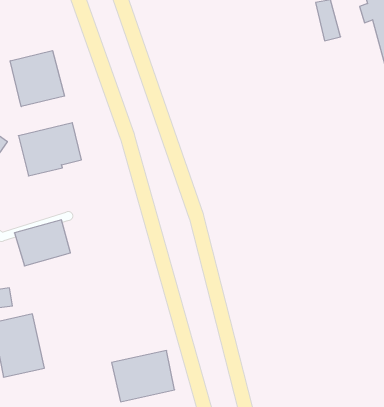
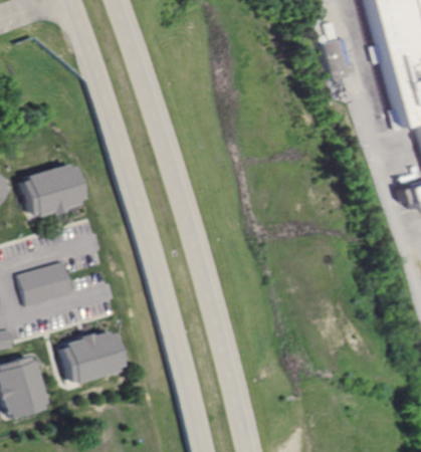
building: [10,51,65,107] -> none
building: [112,351,175,402] -> [62,330,126,382]

